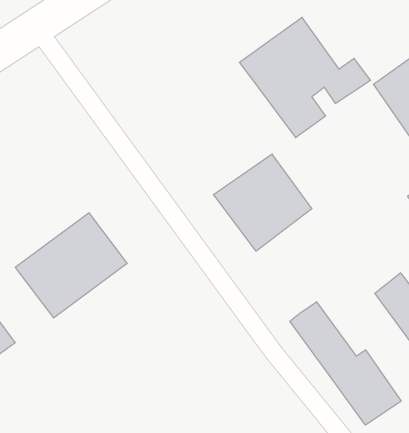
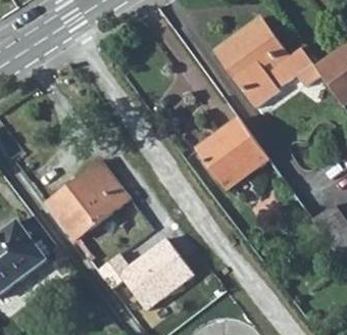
building: [290,302,401,425] -> none
building: none -> [96,235,193,312]

